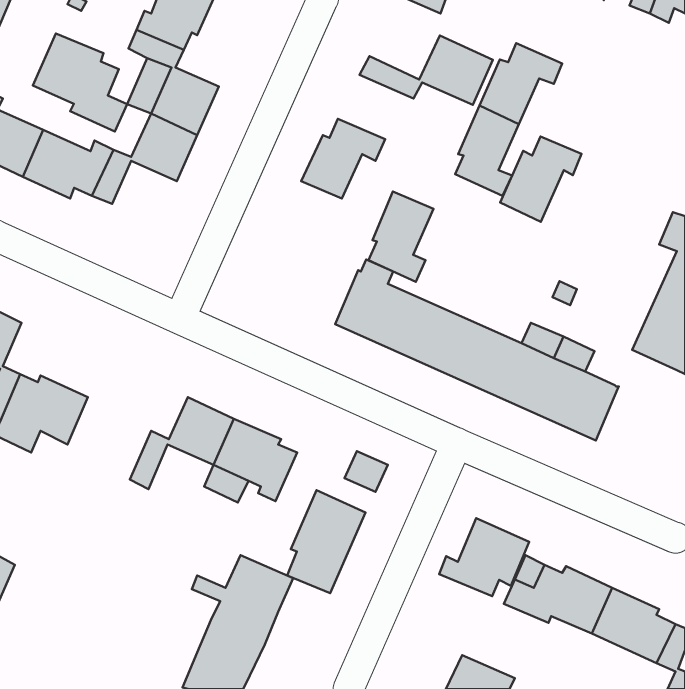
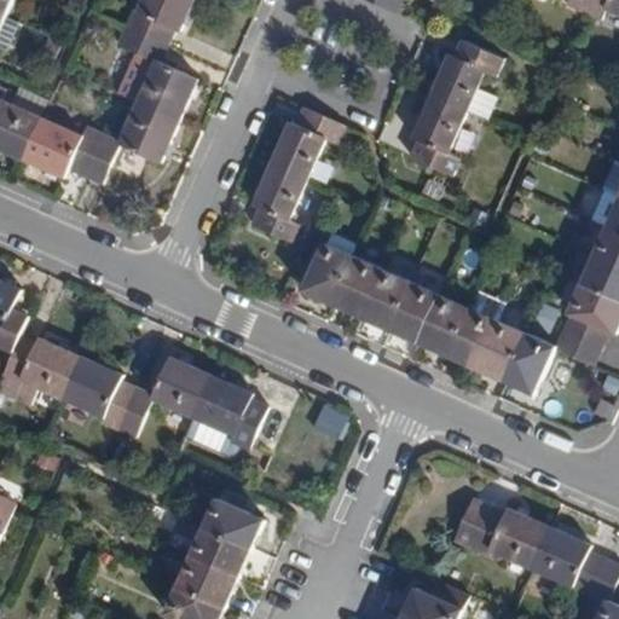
building: [33,34,127,131] -> none
building: [360,35,493,105] -> none
building: [500,136,581,222] -> none
building: [369,191,433,282] -> [248,162,306,243]
building: none -> [551,313,606,365]
building: none -> [60,355,135,429]
building: [287,490,365,593] -> none
building: [439,518,529,596] -> none

